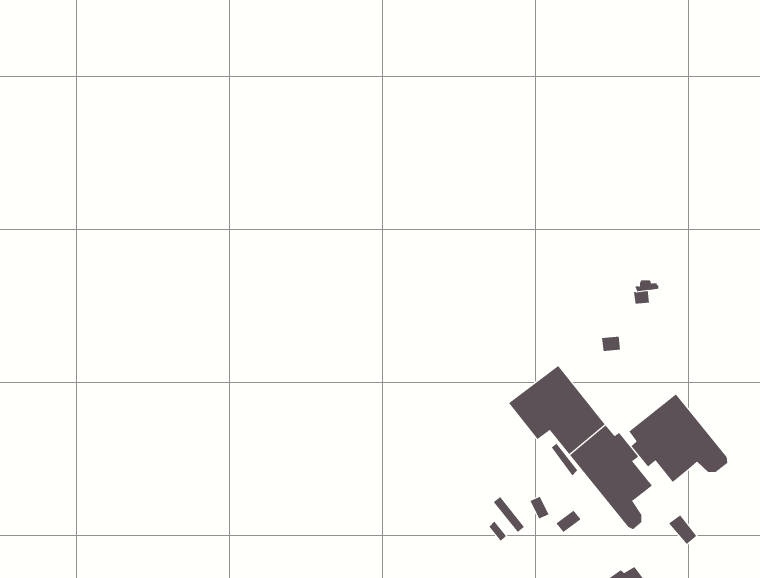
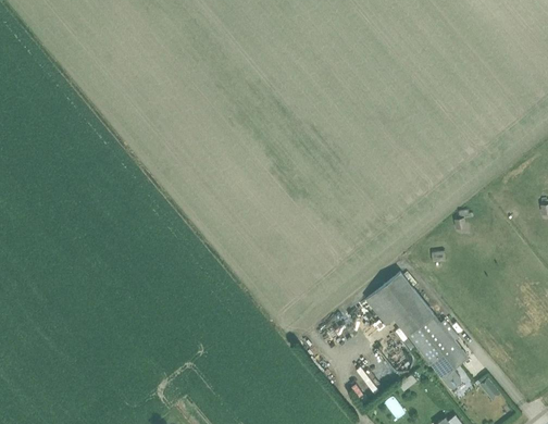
building: [628,394,728,483] -> none

